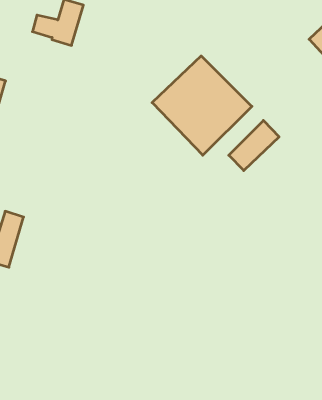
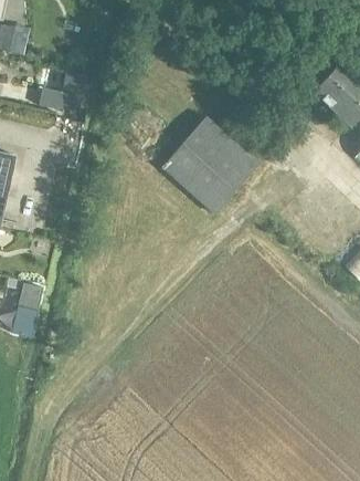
building: [229,120,279,171] -> none

